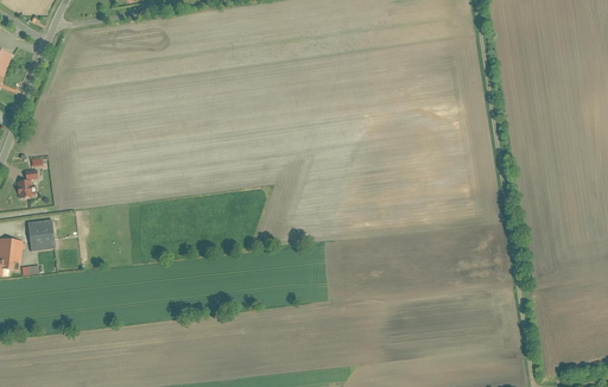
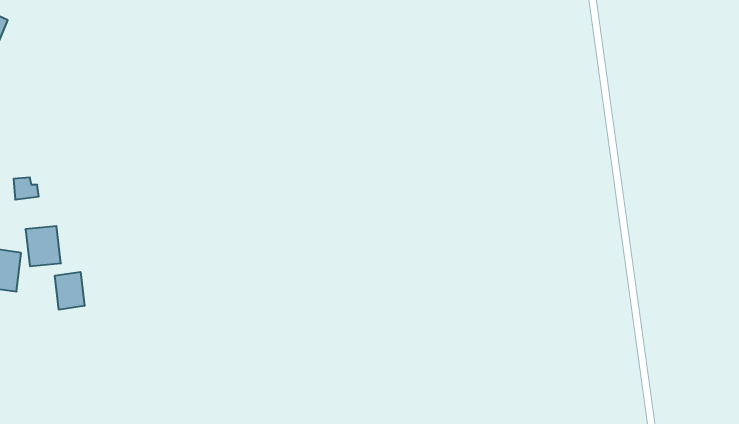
building: none -> [55,272,84,310]

